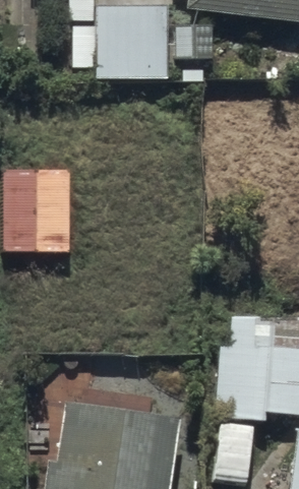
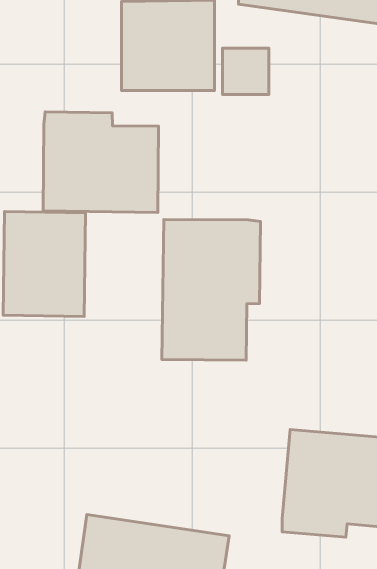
building: none -> [43,112,158,212]
building: none -> [162,219,261,360]

